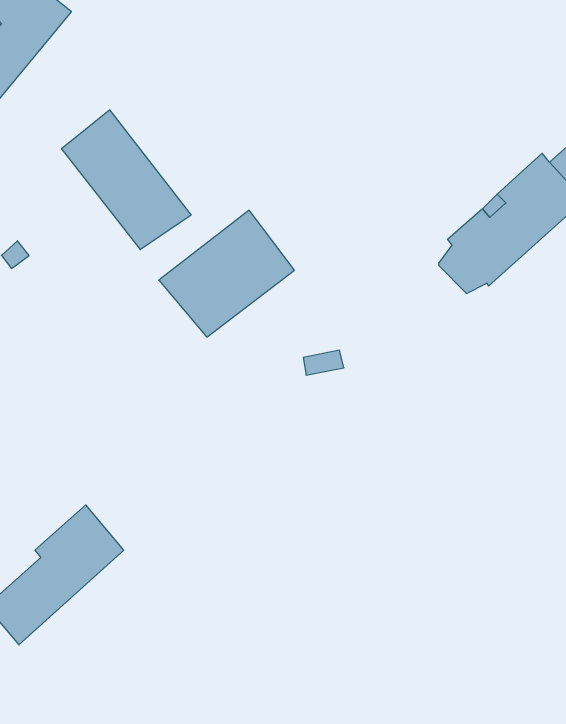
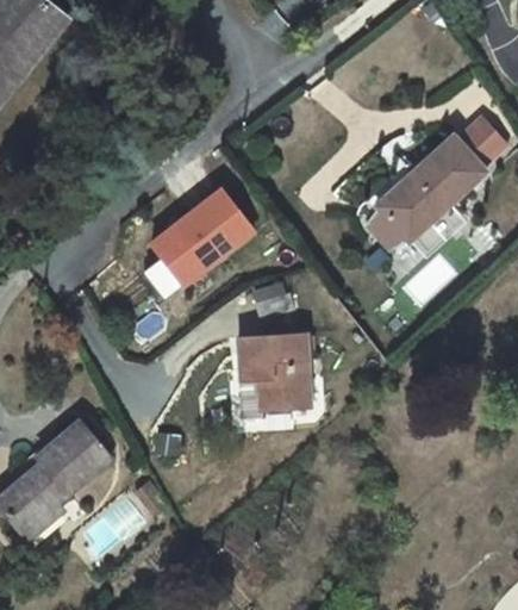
building: [62,110,191,250] -> none
building: none -> [239,334,312,418]

